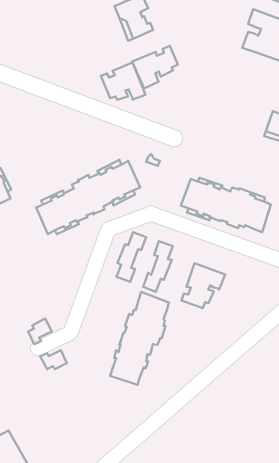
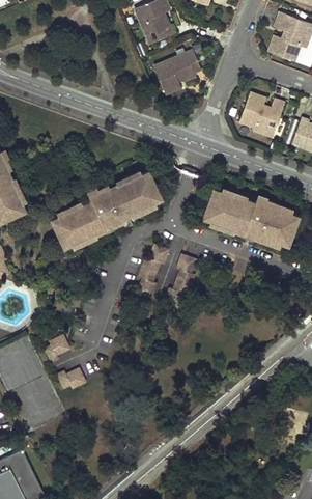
building: [101,62,146,100] -> none
building: none -> [238,93,284,135]
building: [181,263,225,308] -> none
building: [110,292,169,385] -> none

